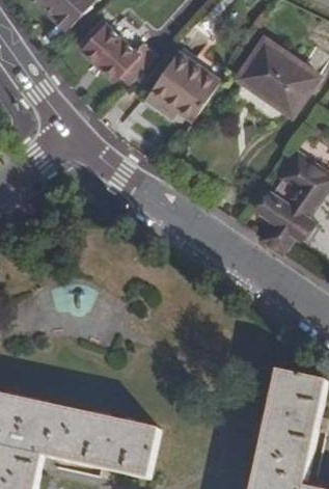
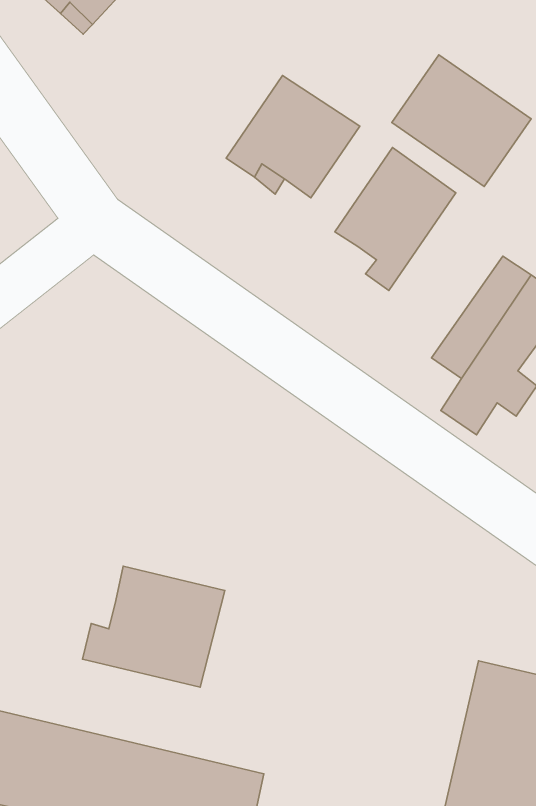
building: [81,23,157,85] -> none
building: none -> [335,147,456,290]
building: none -> [82,566,225,687]

